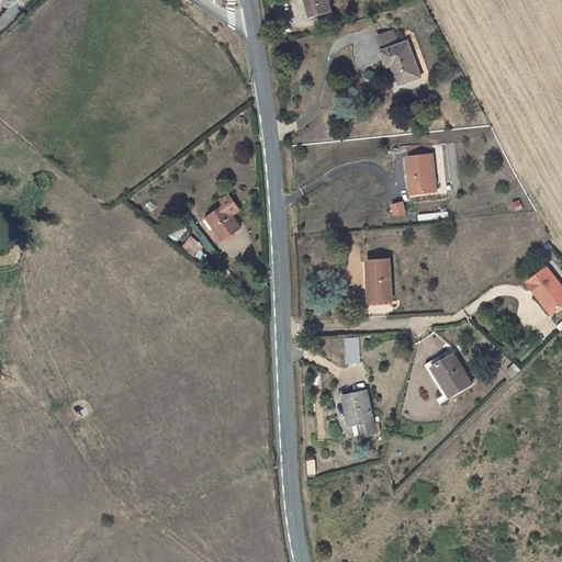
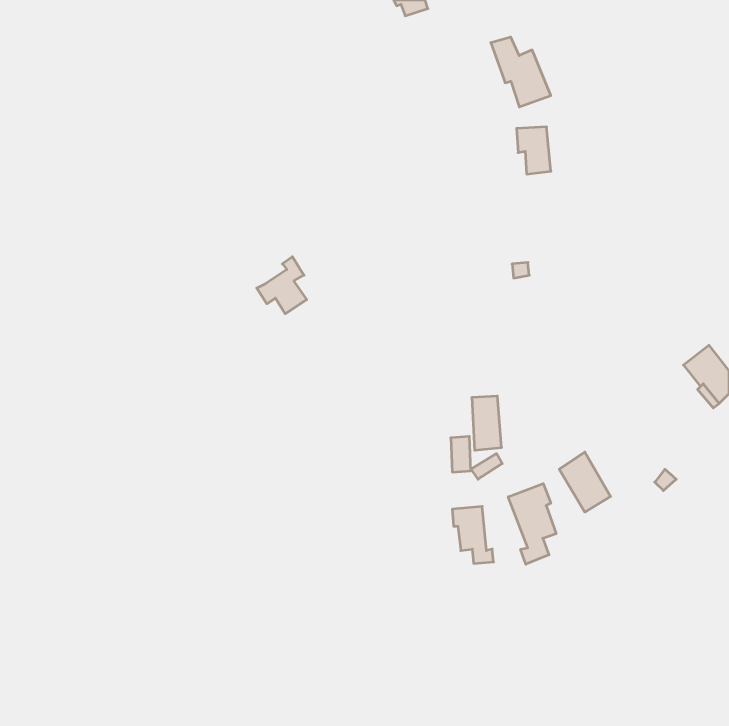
building: [405,155,431,191] -> [517,127,551,174]
building: [367,259,390,301] -> [472,396,502,450]
building: none -> [508,484,556,564]

